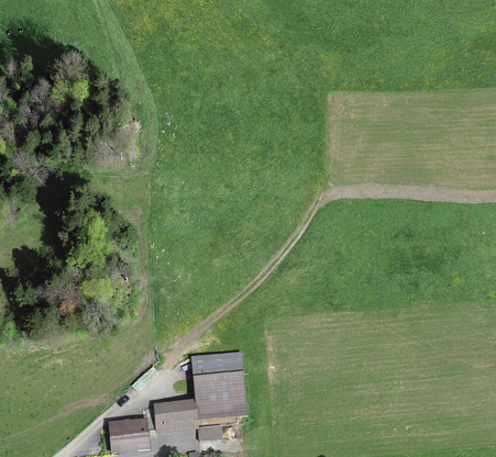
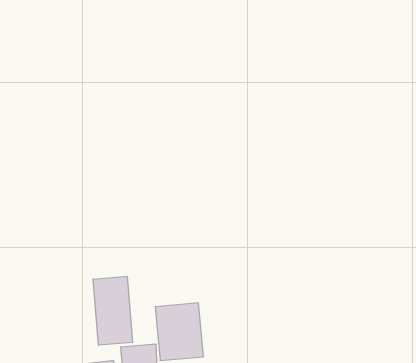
building: none -> [93,276,133,345]

